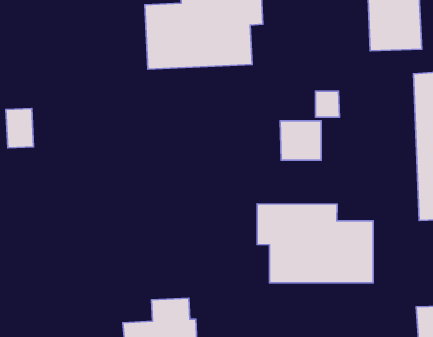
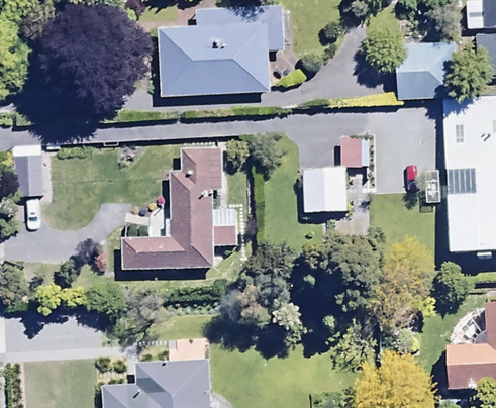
building: none -> [121,147,237,271]
building: [257,204,373,283] -> none

